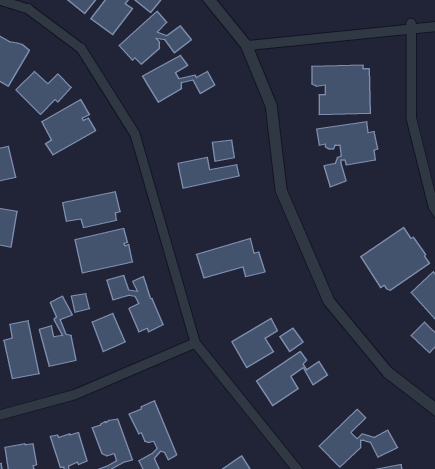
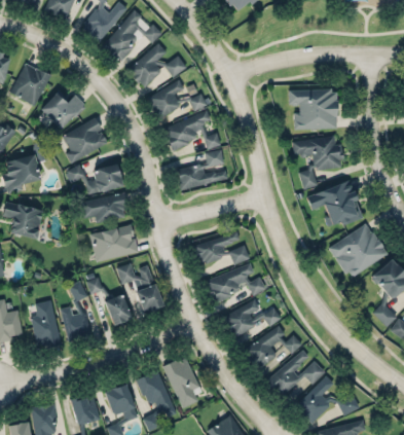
building: none -> [161,109,220,152]
building: none -> [66,162,121,194]
building: none -> [305,181,362,229]
building: none -> [204,263,265,303]
building: none -> [266,350,324,395]
building: none -> [162,357,198,408]

